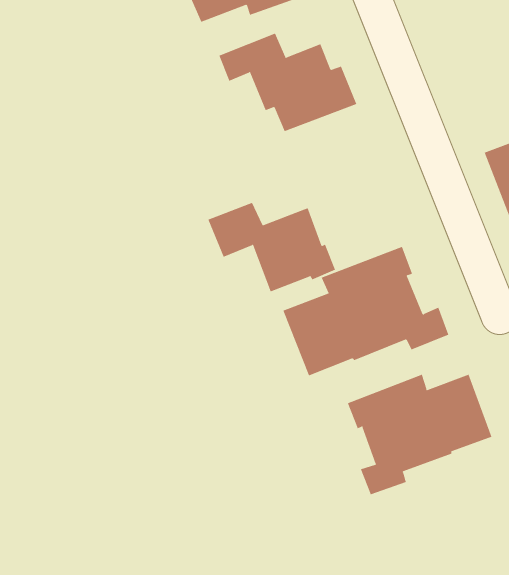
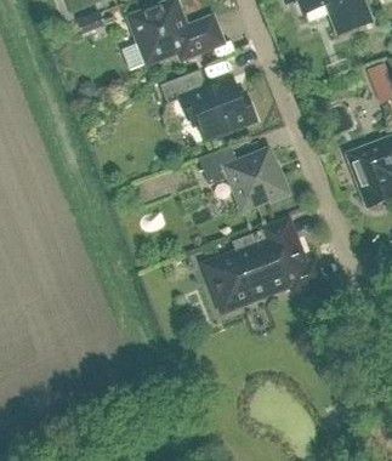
building: [208,202,336,292] -> [199,146,289,209]
building: [347,374,492,495] -> none

